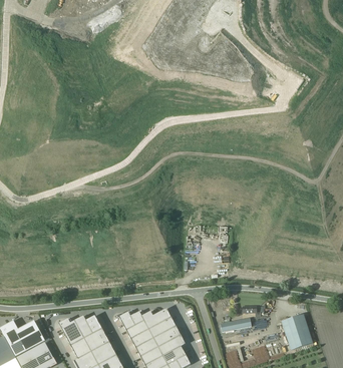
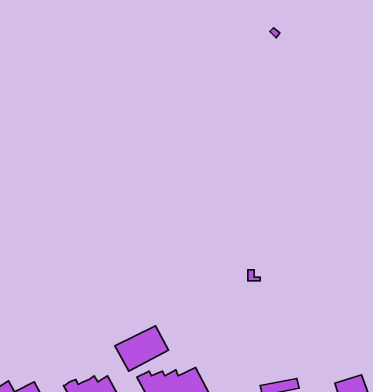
building: none -> [115,326,168,371]

